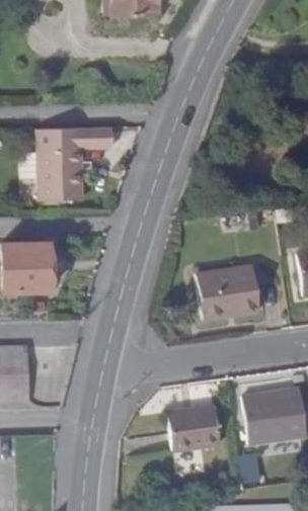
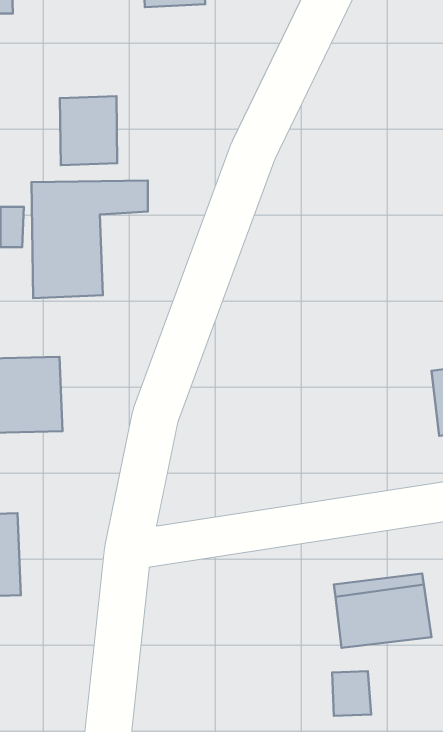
building: none -> [60,96,117,165]
building: [200,263,261,318] -> none
building: [164,405,215,447] -> none

